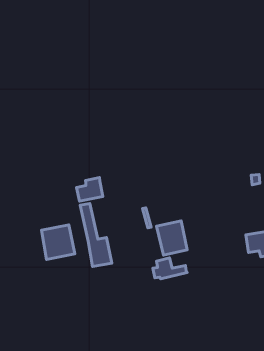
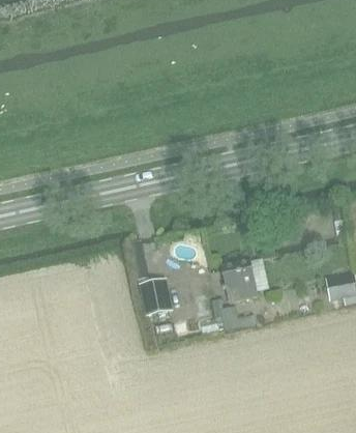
building: [76,178,103,201] -> none
building: [41,225,75,260] -> none

